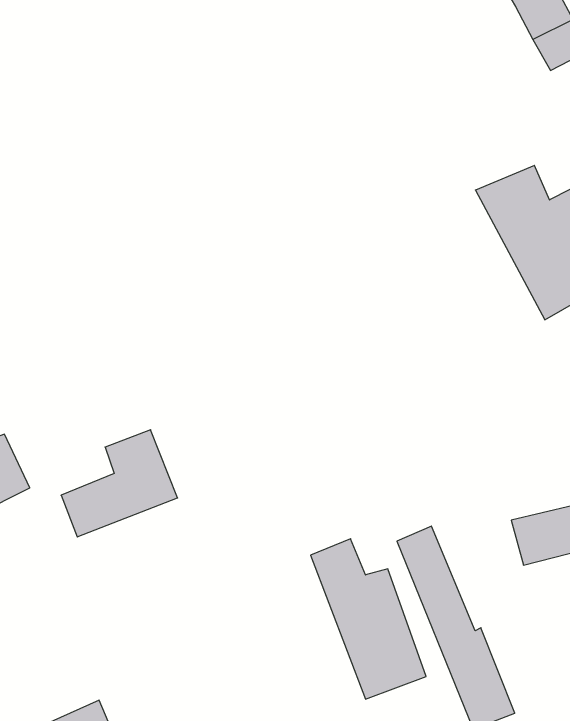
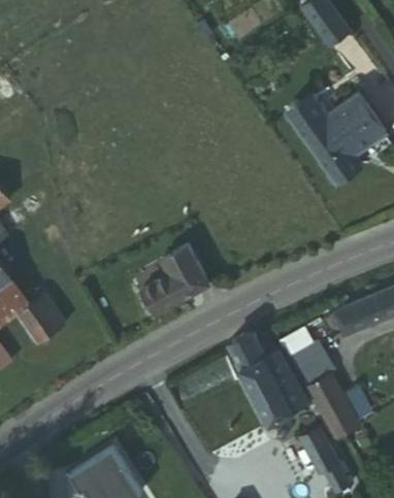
building: [61,430,178,537] -> [139,240,206,307]

